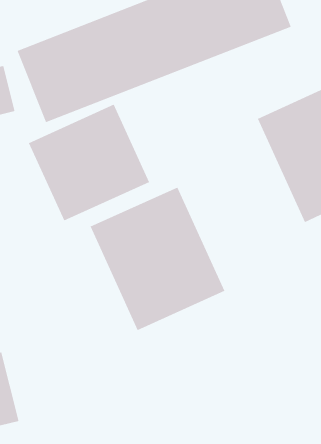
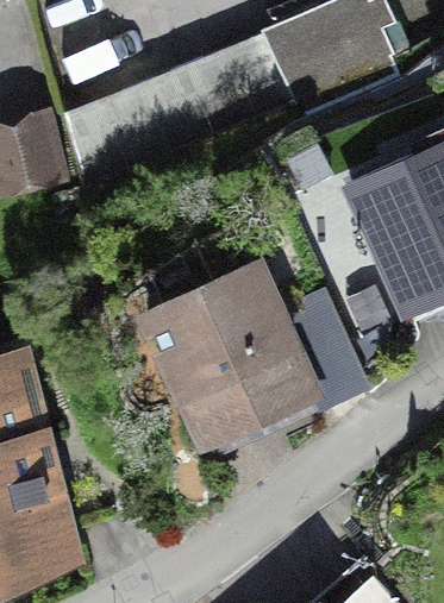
building: [28,104,150,222] -> none

